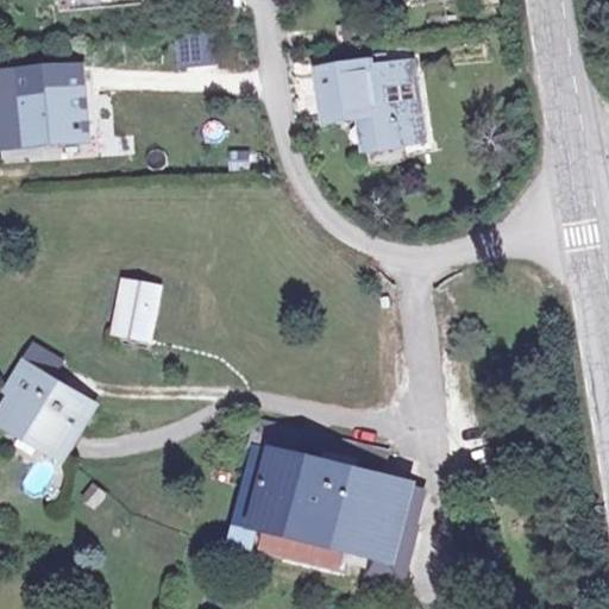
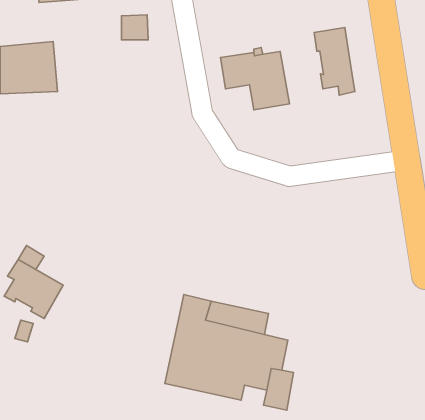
building: none -> [314,28,355,95]
building: [119,276,161,340] -> none

